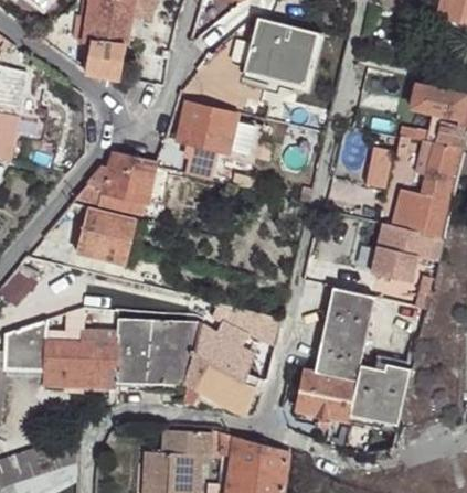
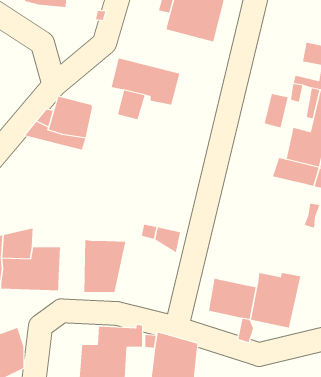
building: [86,41,125,79] -> none
building: [76,206,135,264] -> none
building: [368,248,413,286] -> none
building: [312,288,374,382] -> none
building: [116,322,147,388] -> none
building: [184,326,255,416] -> none

